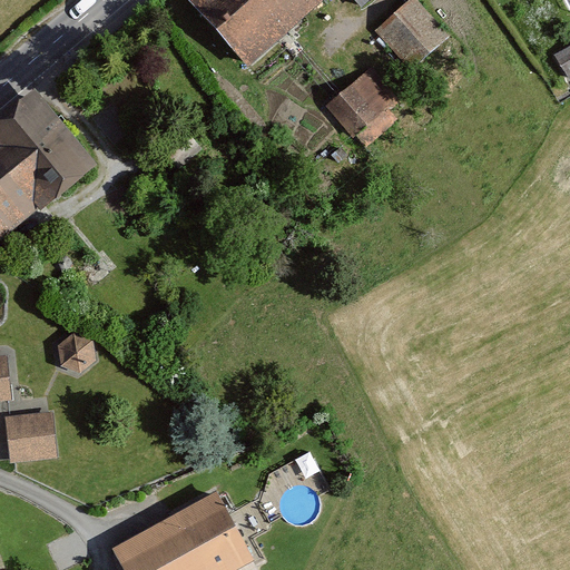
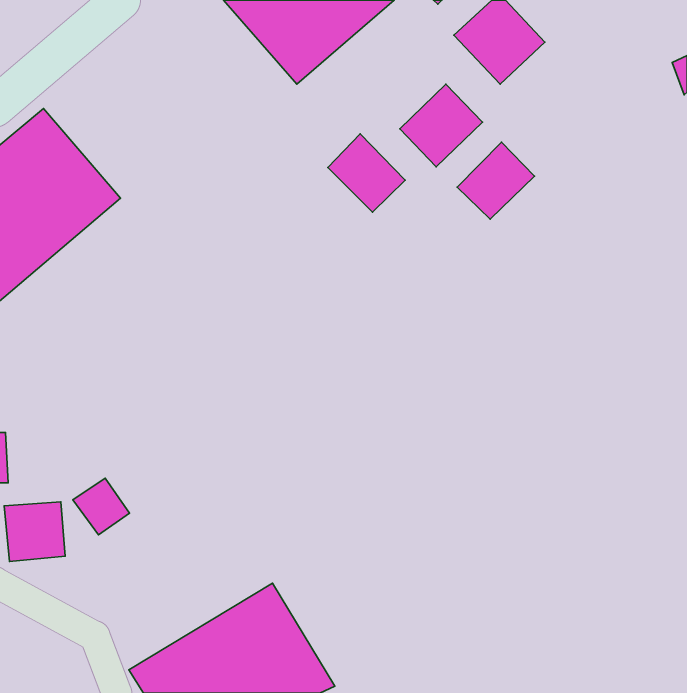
building: none -> [328,134,405,212]
building: none -> [457,142,534,219]
building: [51,333,98,380] -> [73,478,130,535]

